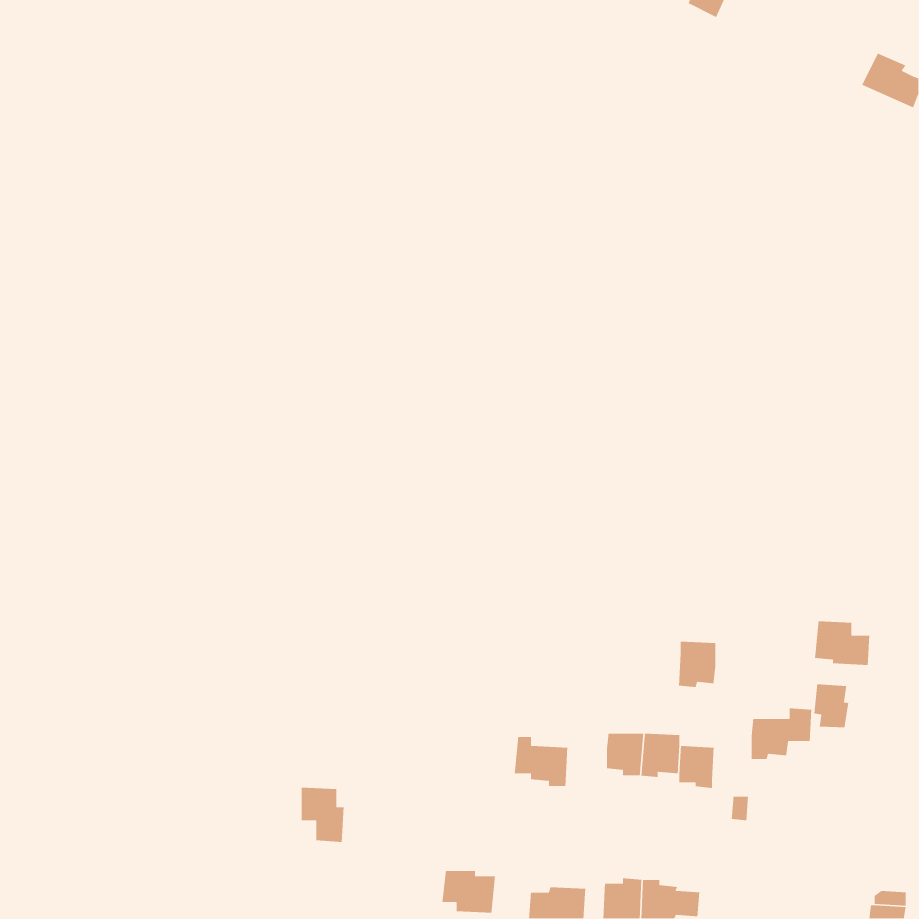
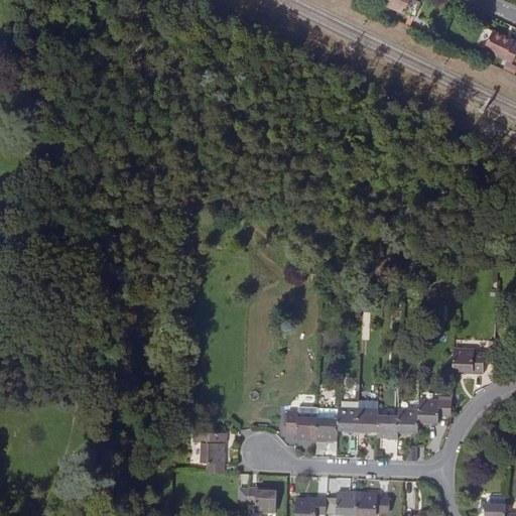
building: [678,641,716,688] -> [397,409,418,435]
building: [813,684,849,728] -> none
building: none -> [315,416,338,439]
building: [301,787,344,843] -> [201,439,225,471]

